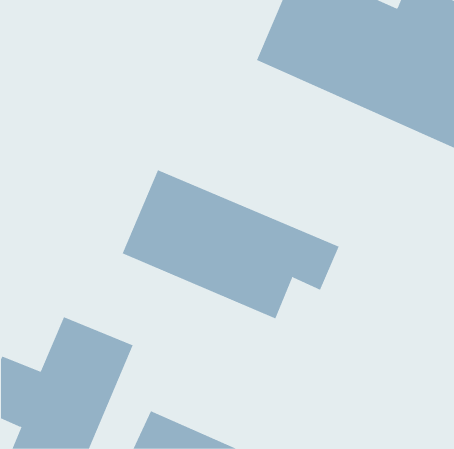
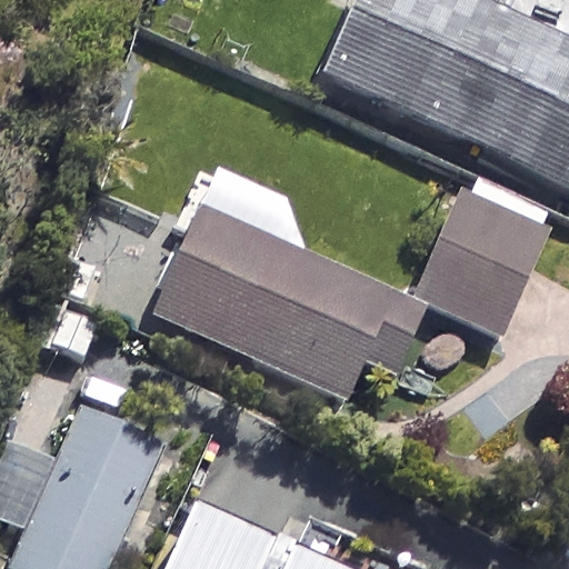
building: none -> [417,172,551,332]

